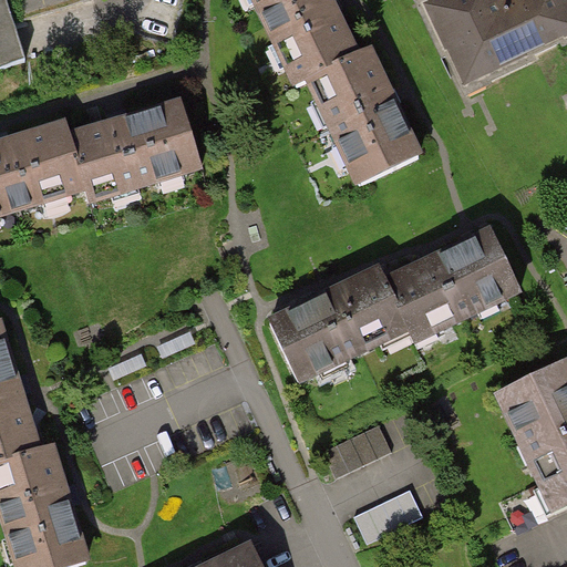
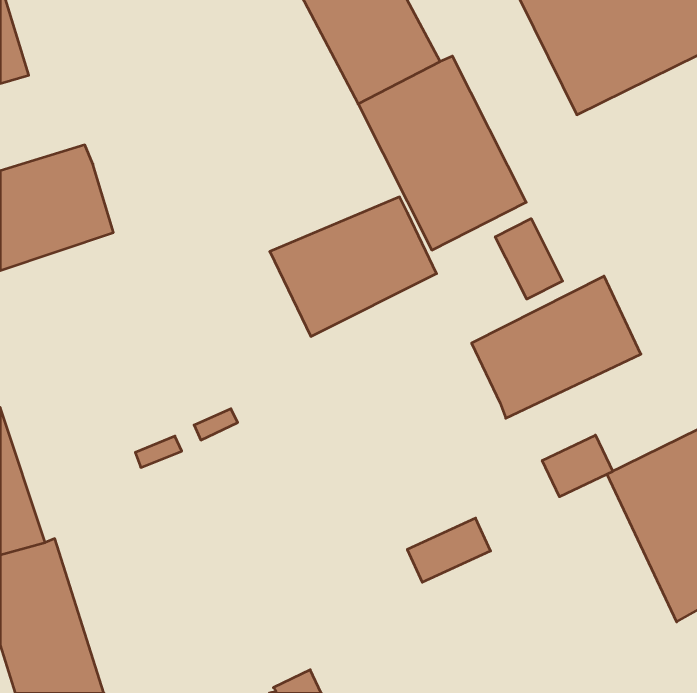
building: [76,102,202,199] -> none
building: none -> [495,219,563,299]
building: [271,265,406,378] -> [270,197,437,336]
building: none -> [542,435,613,497]
building: [361,487,430,535] -> none

